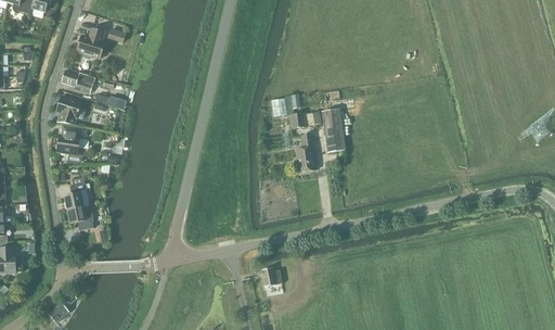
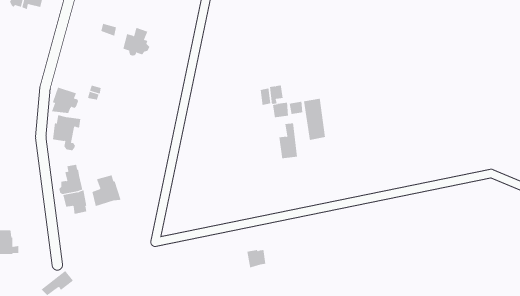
building: [77,28,106,59] -> [122,27,150,56]
building: [61,69,94,93] -> none
building: none -> [92,174,121,207]

